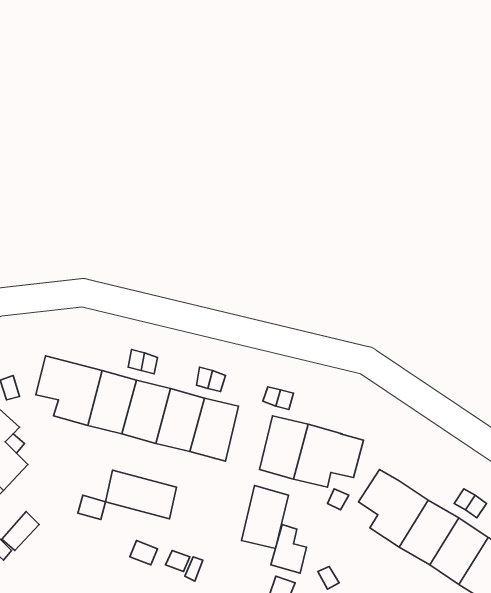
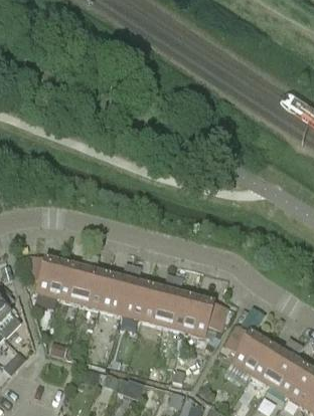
building: [106,470,177,519] -> none
building: [241,485,288,549] -> [142,286,171,326]

